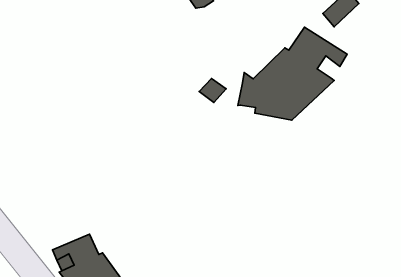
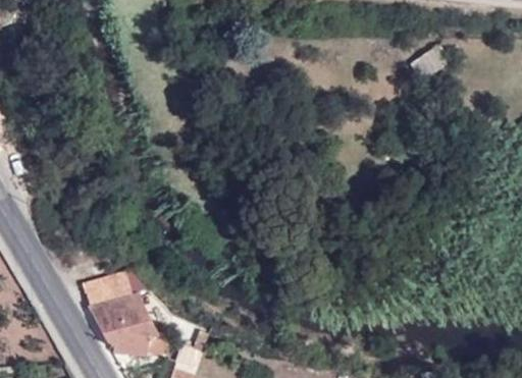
building: [238,27,347,120] -> none

